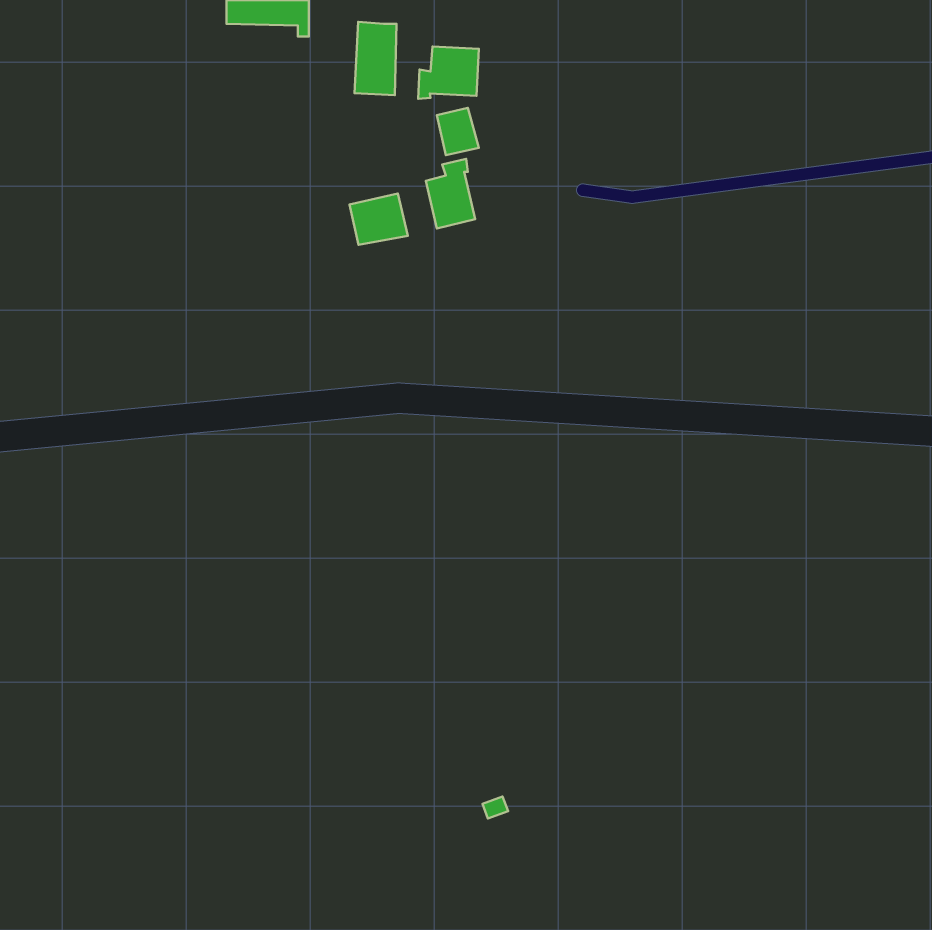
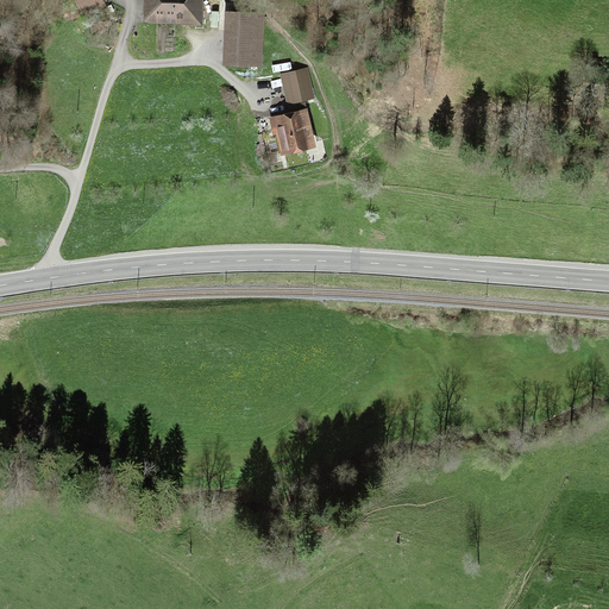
building: [418,47,479,99] -> none
building: [350,193,408,245] -> none

